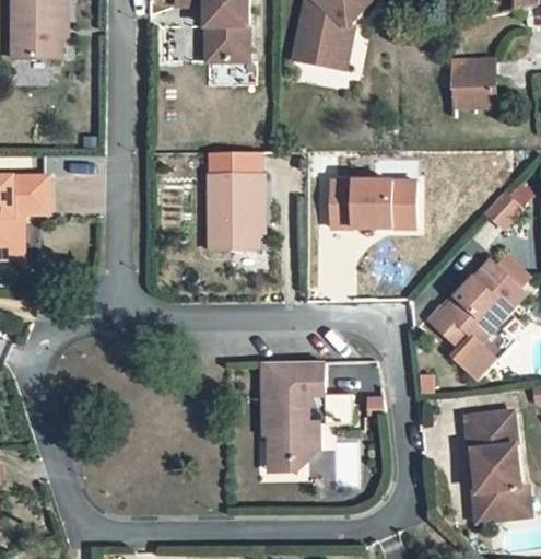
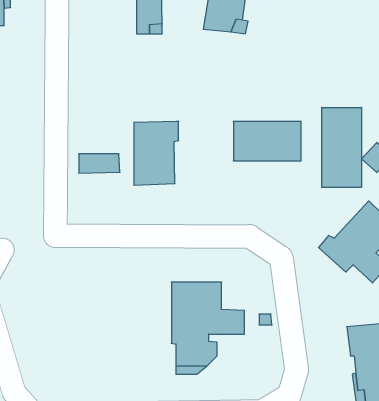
building: [454,56,496,104] -> none
building: [212,151,261,174] -> [79,154,120,173]
building: none -> [322,107,361,187]

